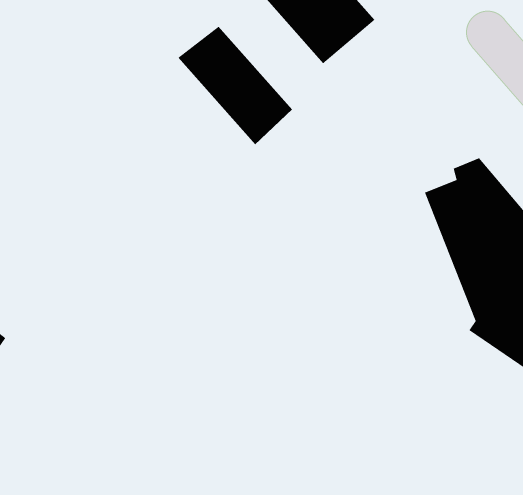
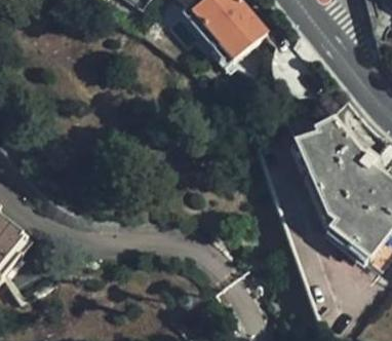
building: [178,26,293,145] -> none

